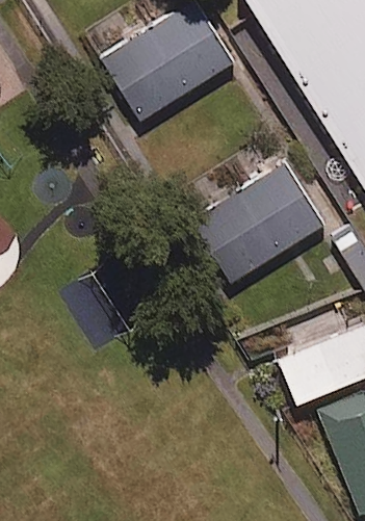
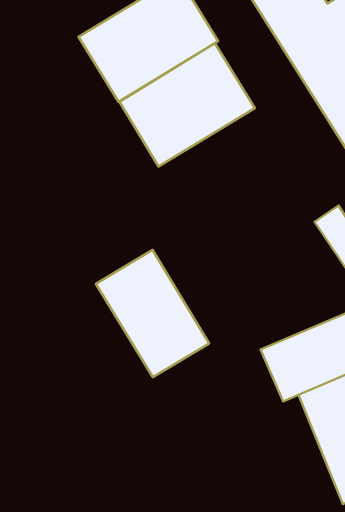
building: [195,162,325,281] -> [119,43,255,167]
building: none -> [96,250,209,377]

